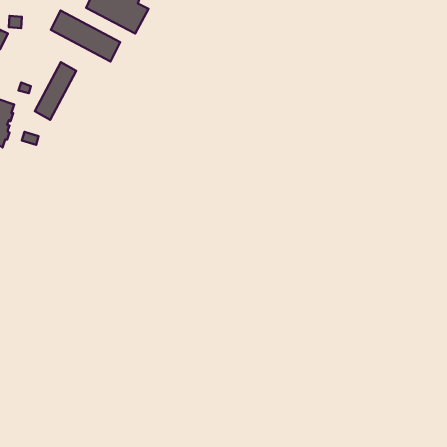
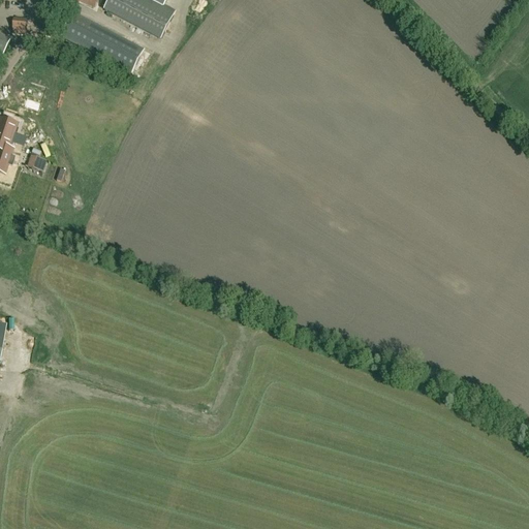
building: [35,62,76,120] -> none

